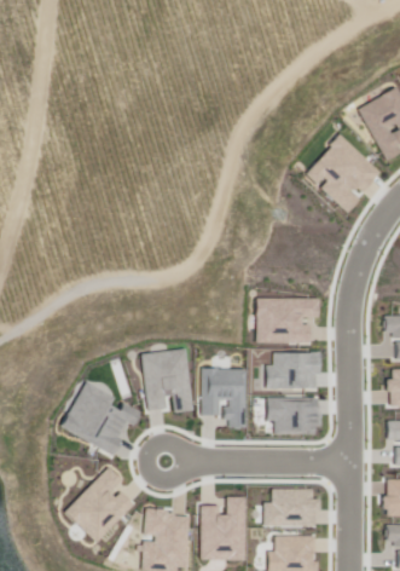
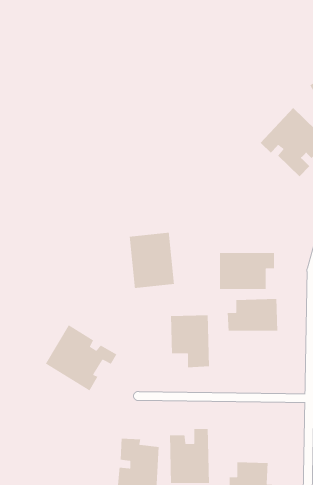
building: [140,348,192,413] -> [129,232,175,289]
building: [266,396,315,434] -> none
building: [64,466,132,541] -> none
building: [263,488,319,525] -> none

